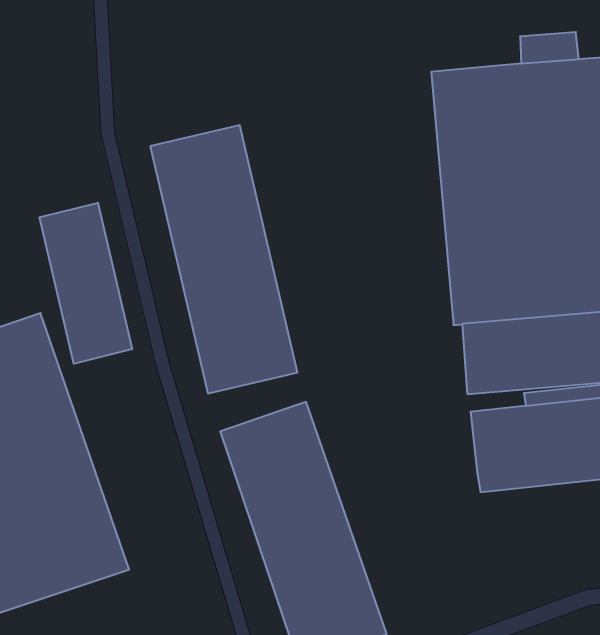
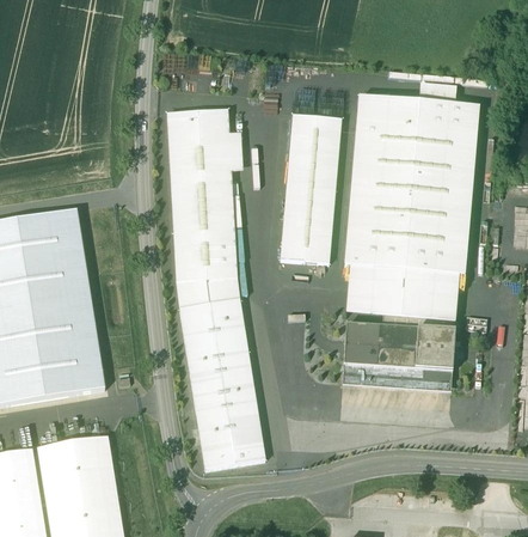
building: none -> [280,115,340,264]
building: [40,203,132,364] -> none
building: none -> [176,279,239,309]

